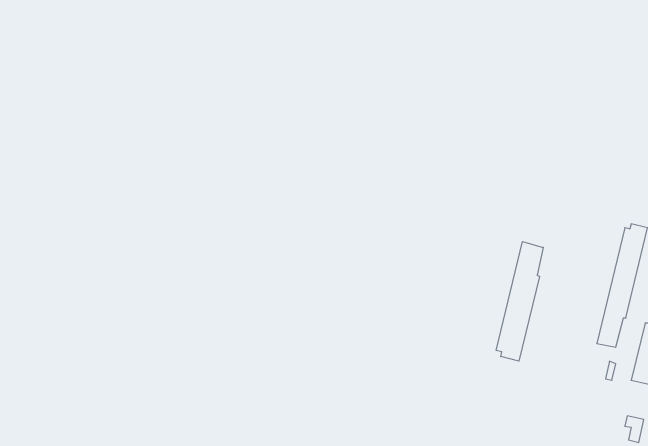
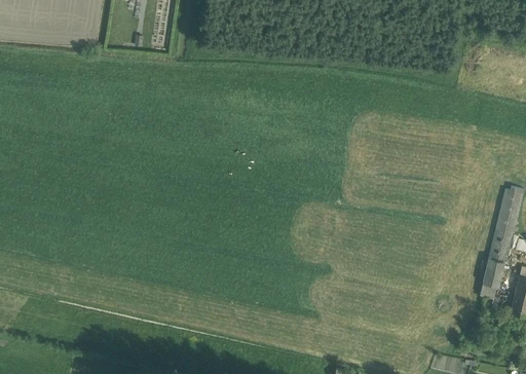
building: [496,242,543,361] -> none

